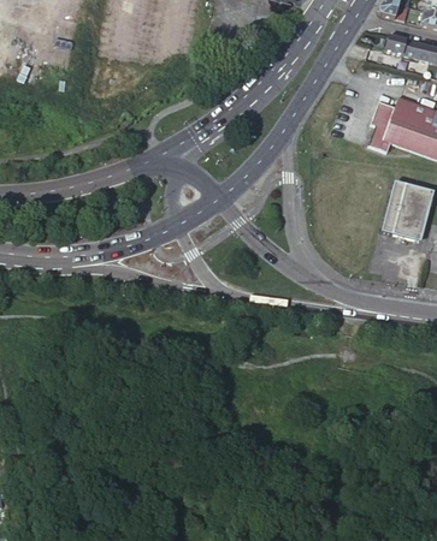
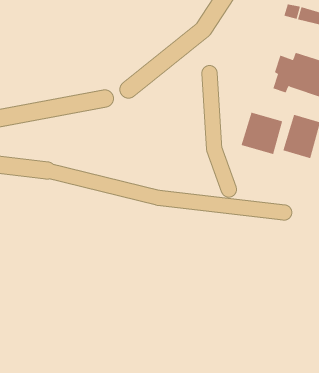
building: none -> [241,112,283,155]

